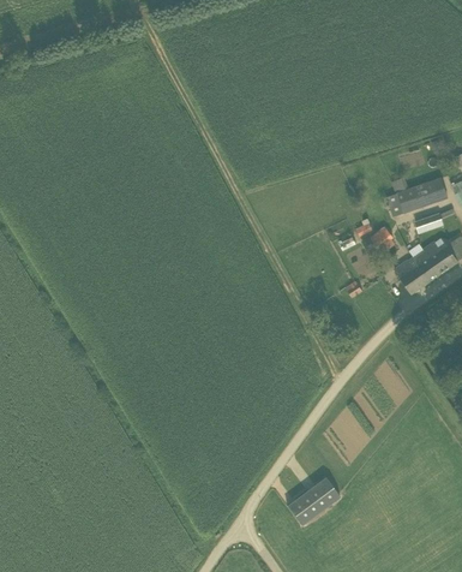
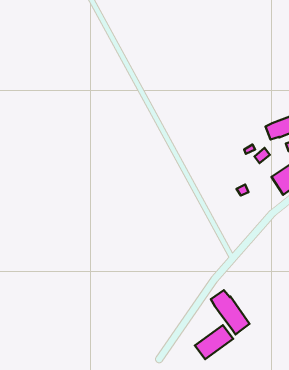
building: none -> [211,290,249,335]

